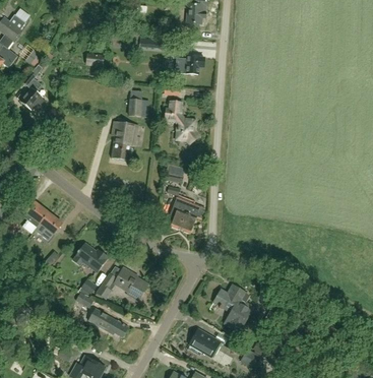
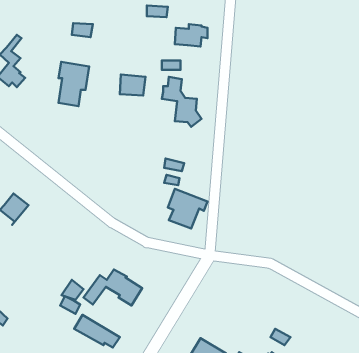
building: [112,121,138,160] -> [59,62,89,106]
building: [35,212,62,240] -> none
building: [72,243,108,271] -> none
building: [213,284,253,332] -> none

